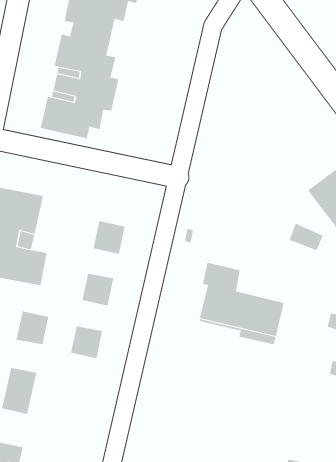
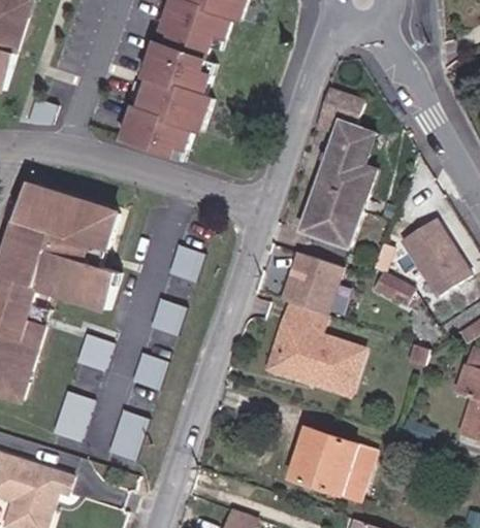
building: none -> [303,87,377,243]
building: none -> [288,249,348,307]
building: none -> [289,427,371,500]
building: none -> [107,410,149,461]

